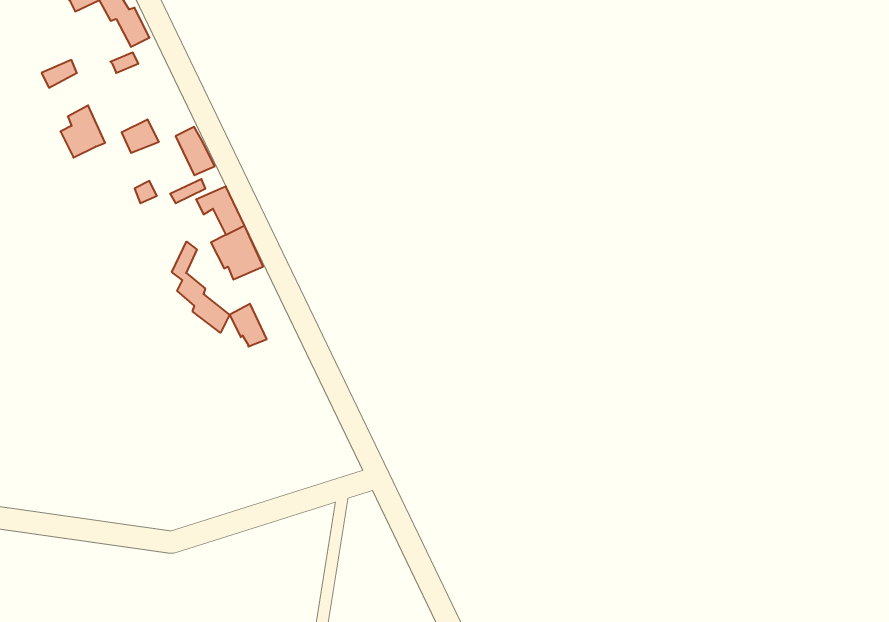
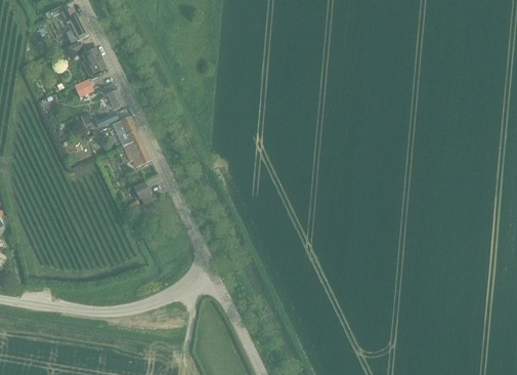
building: [60,105,105,158] -> [80,47,104,76]
building: [172,242,230,333] -> none

